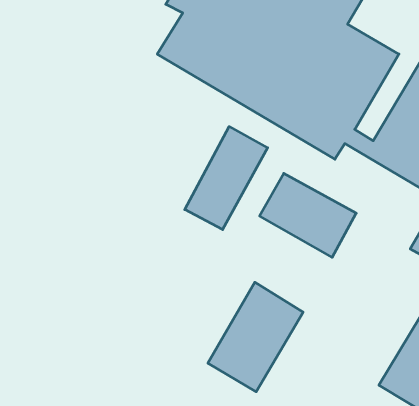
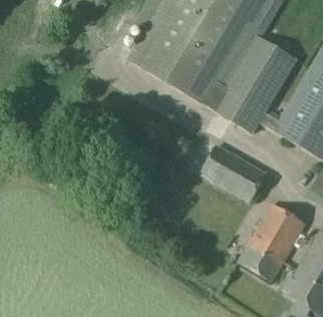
building: [185,127,268,230] -> none
building: [208,282,303,392] -> [238,203,305,280]

